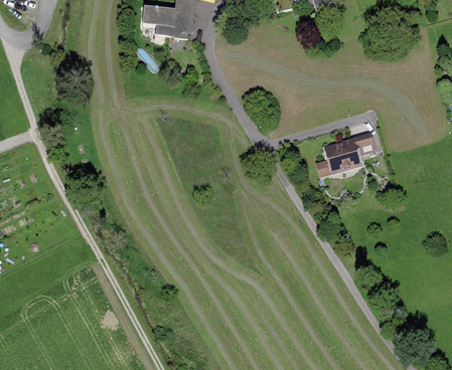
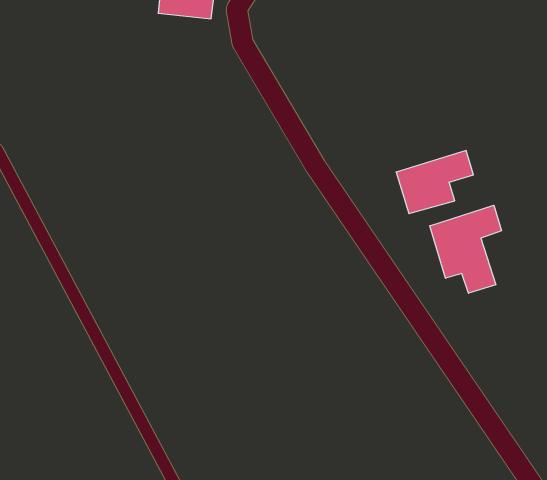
building: none -> [430,205,502,293]

